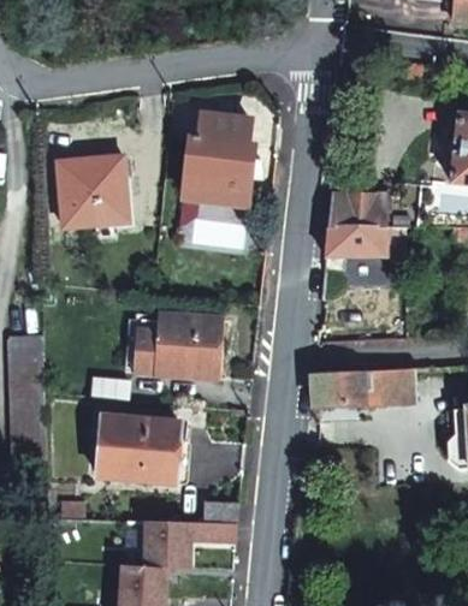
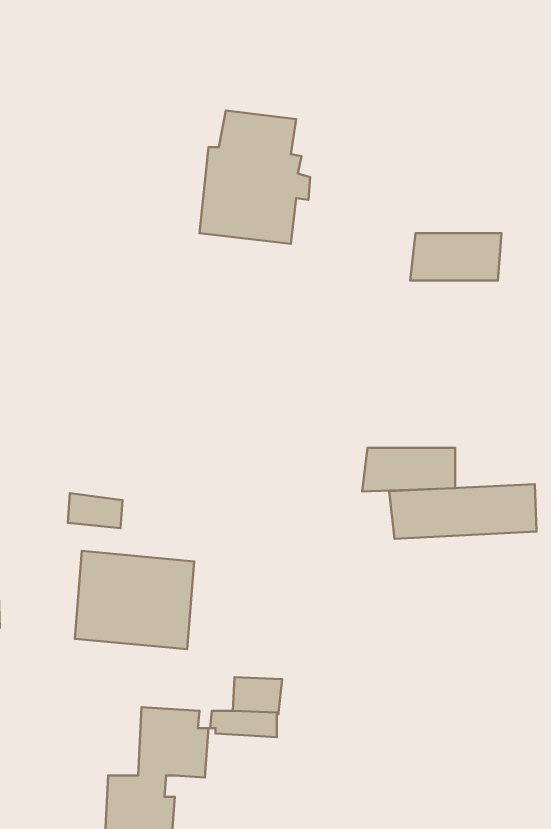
building: [57,154,126,222] -> none
building: [324,230,387,260] -> [362,448,455,492]
building: [132,315,219,374] -> none

